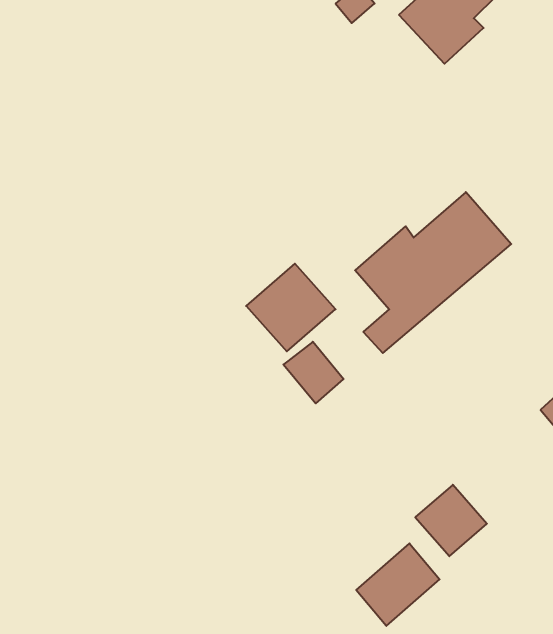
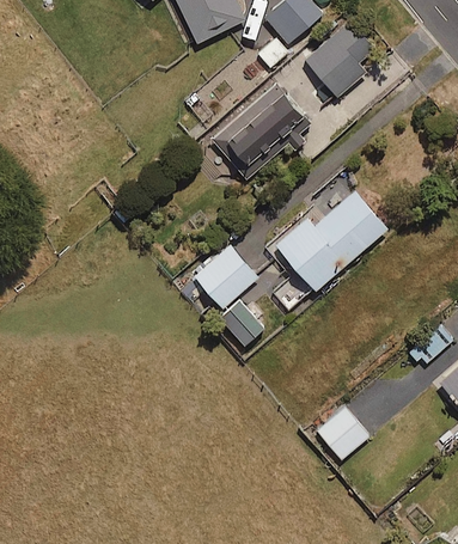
building: none -> [212,84,309,179]
building: [356,543,440,626] -> none

